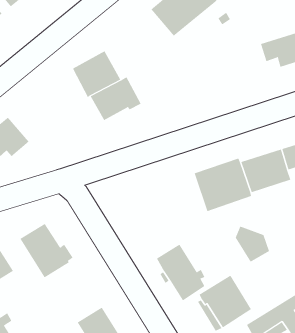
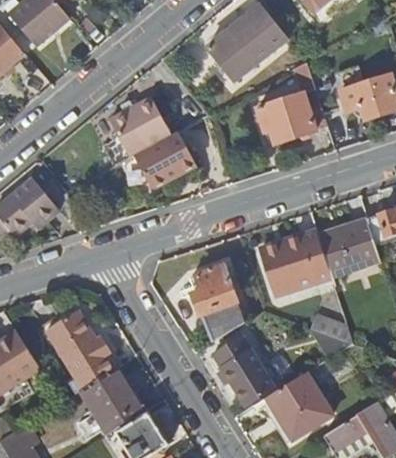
building: none -> [257,90,326,143]
building: none -> [189,264,244,341]
building: none -> [87,368,142,428]

